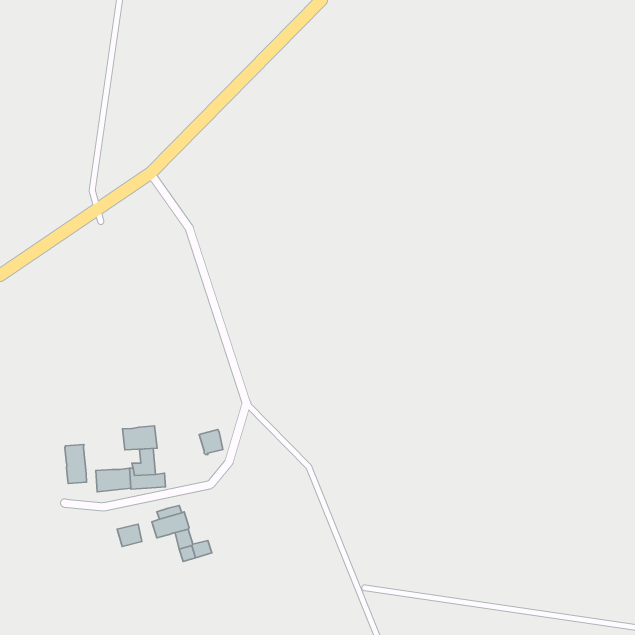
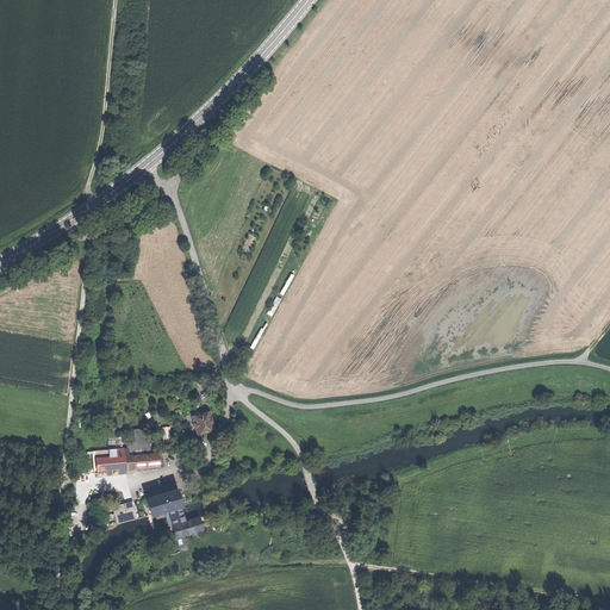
building: [123,426,157,450] -> none
building: [65,445,86,484] -> none

